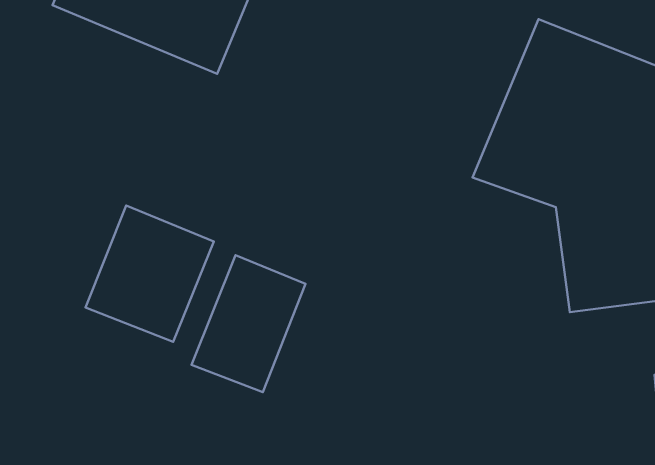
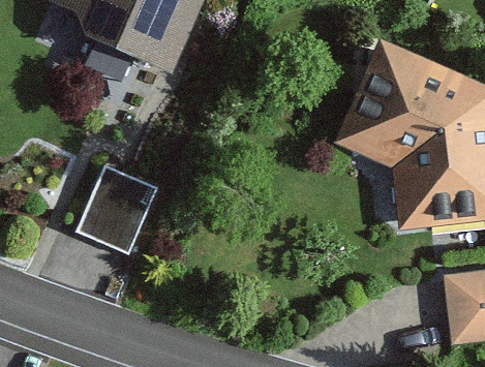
building: [192,255,306,392] -> none

